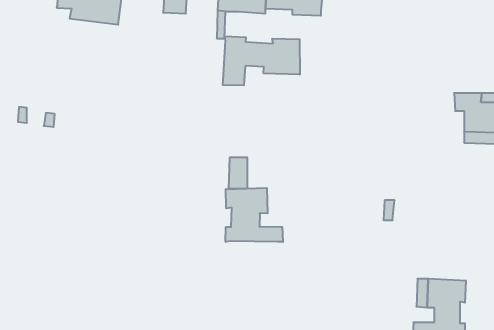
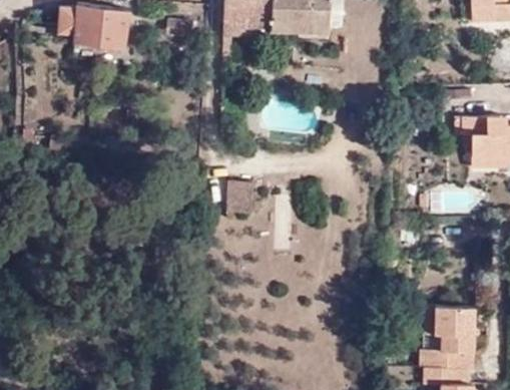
building: [223,36,300,85] -> none
building: [226,188,283,242] -> none

